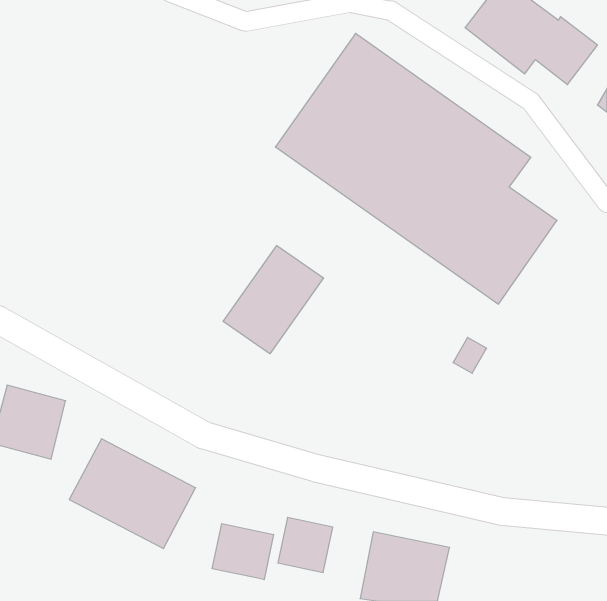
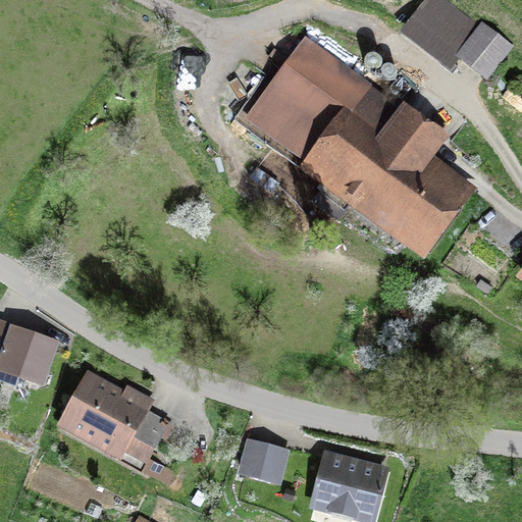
building: [223,245,323,354] -> none
building: [212,524,274,580] -> none

